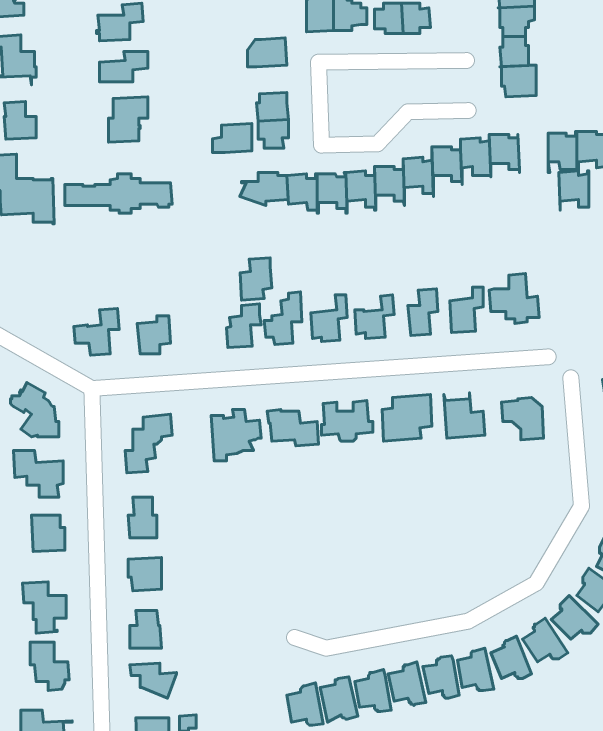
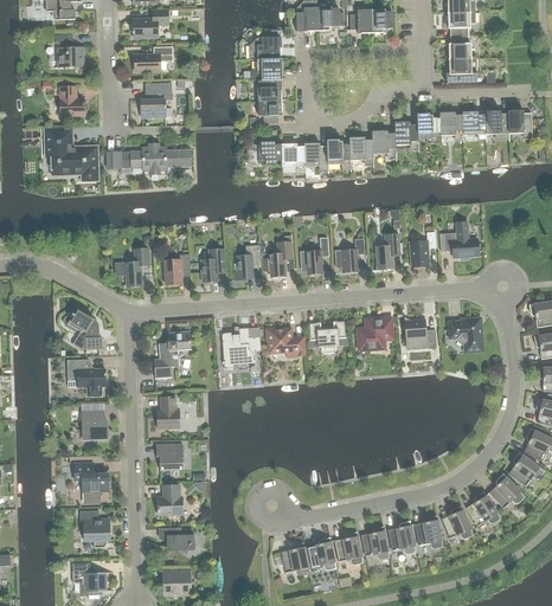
building: [213,124,252,152] -> [250,58,281,80]
building: [559,171,589,210] -> [462,111,486,142]
building: [240,258,272,300] -> [200,249,225,282]

